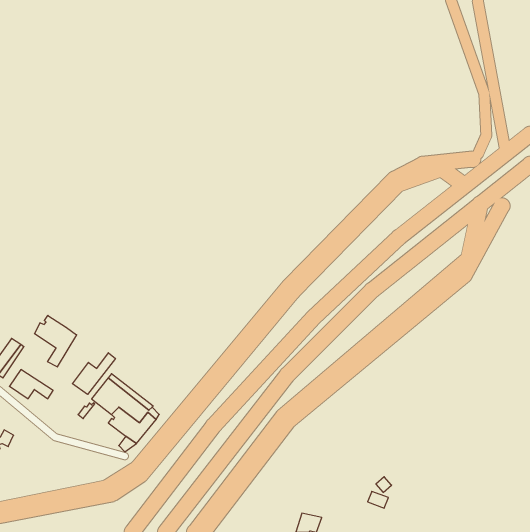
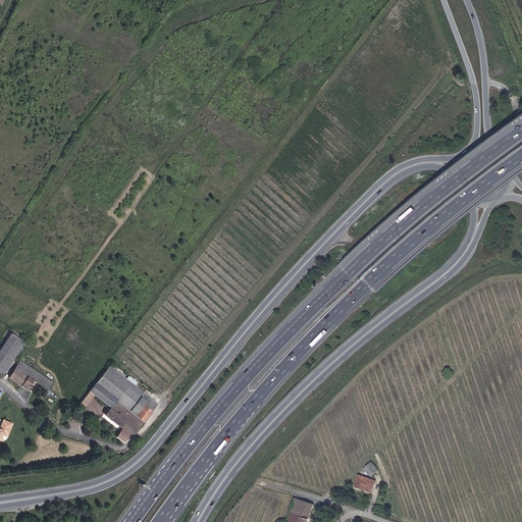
building: [35,315,77,367] -> none
building: [72,353,115,394] -> none

